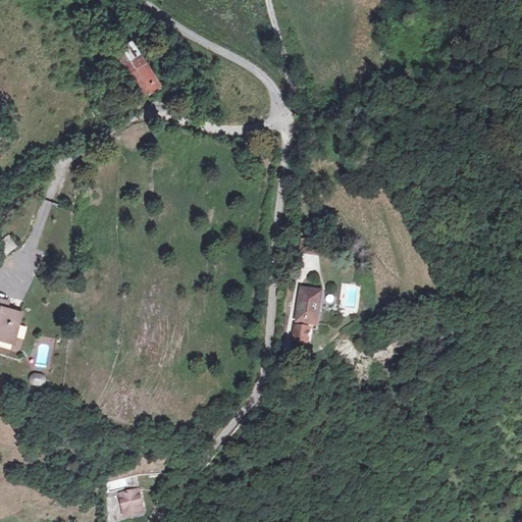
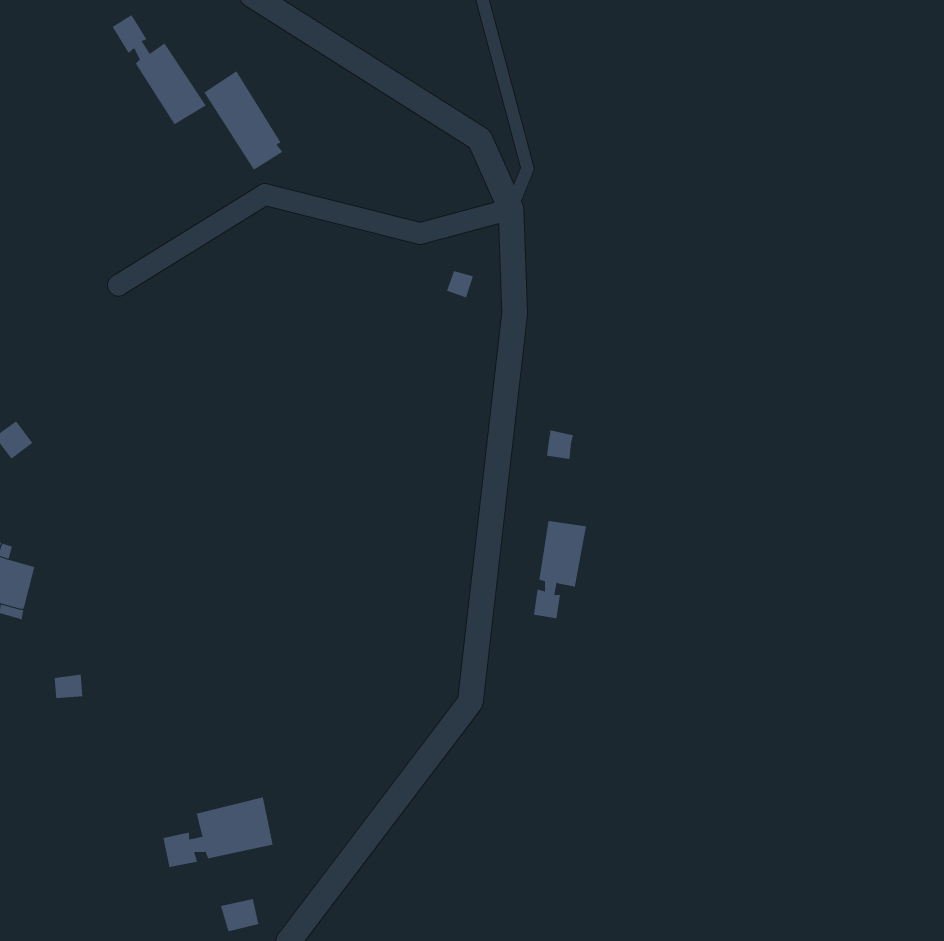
building: none -> [112,14,207,125]
building: none -> [163,797,273,868]

